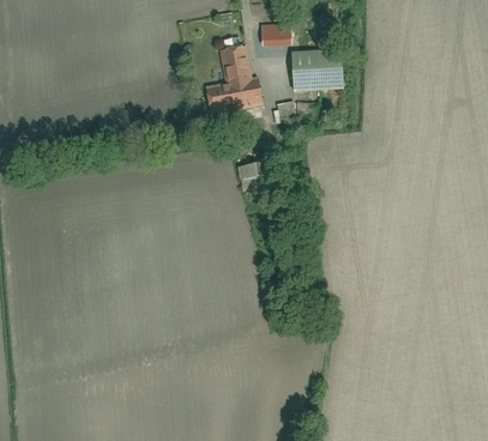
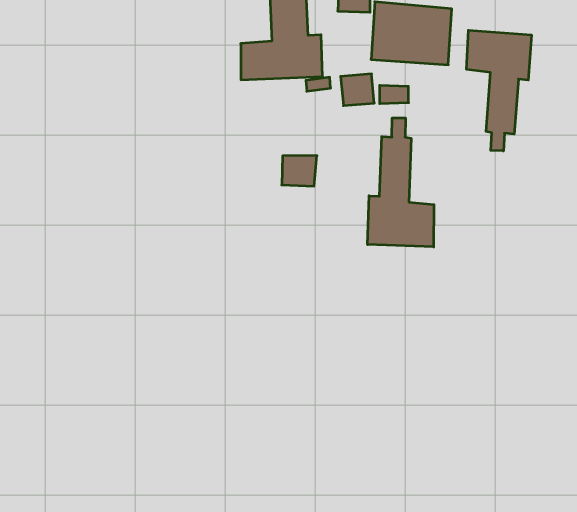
building: none -> [467,30,531,151]
building: none -> [368,118,434,247]

